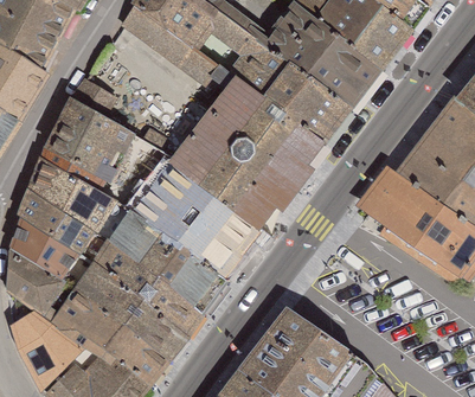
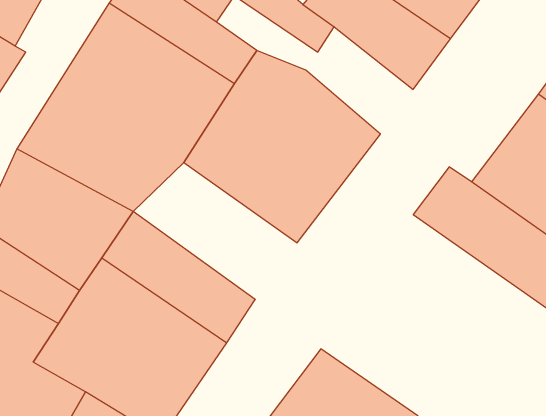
building: [272,52,358,137] -> none
building: [135,160,265,269] -> none

